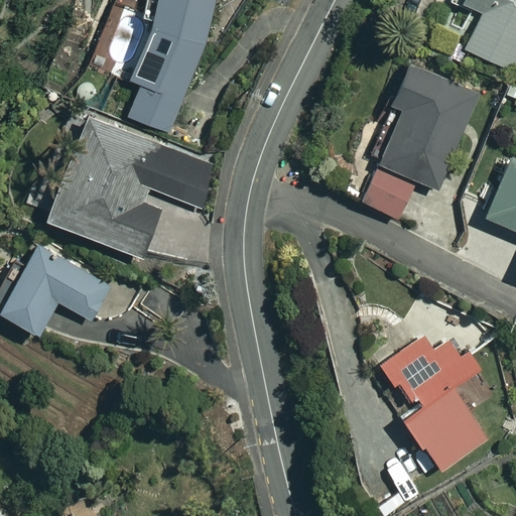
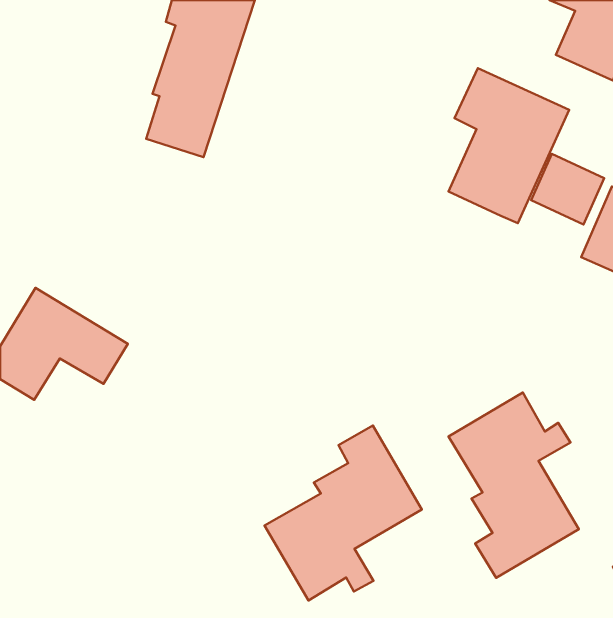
building: [37,111,217,259] -> none
building: [362,162,422,221] -> [531,154,604,224]
building: none -> [264,426,422,601]

